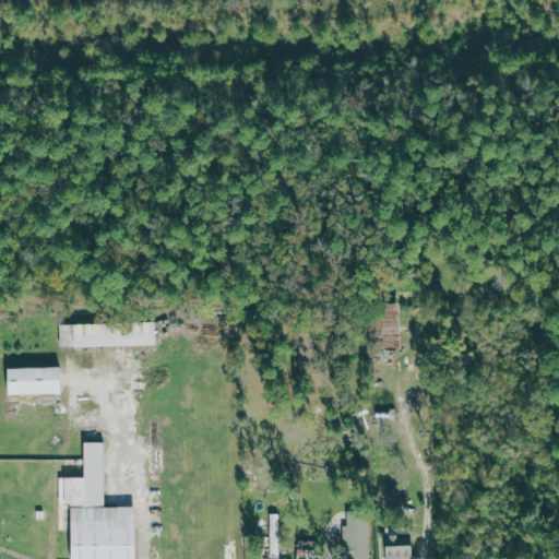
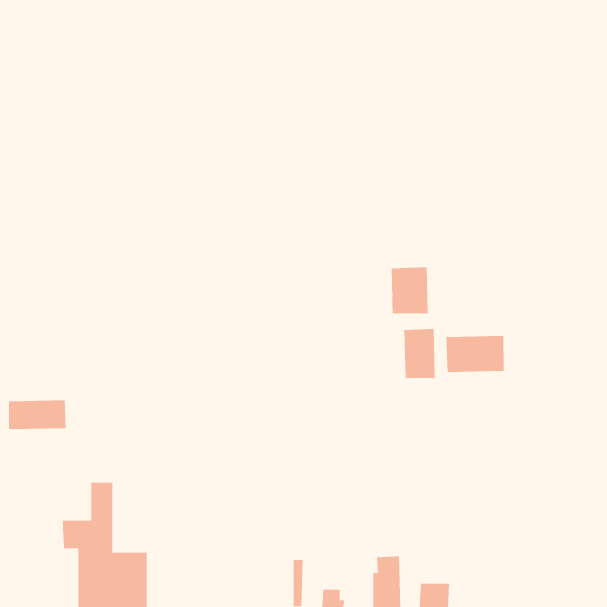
building: none -> [391,267,428,314]
building: none -> [446,335,504,373]
building: [57,322,155,348] -> none

